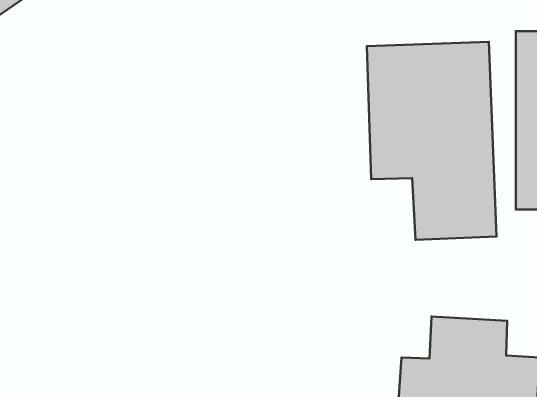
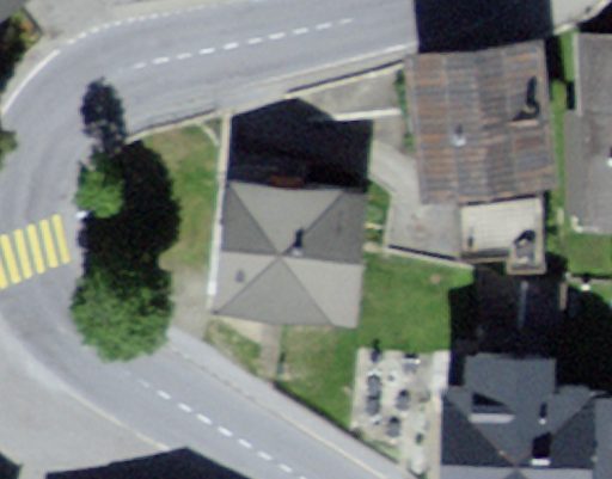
building: none -> [210,177,369,326]

